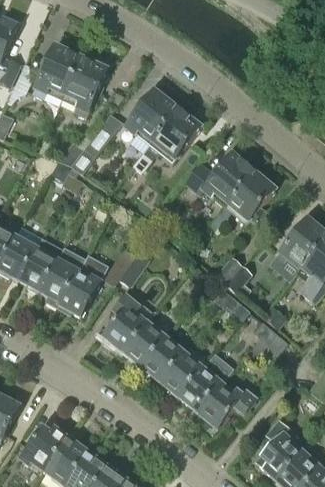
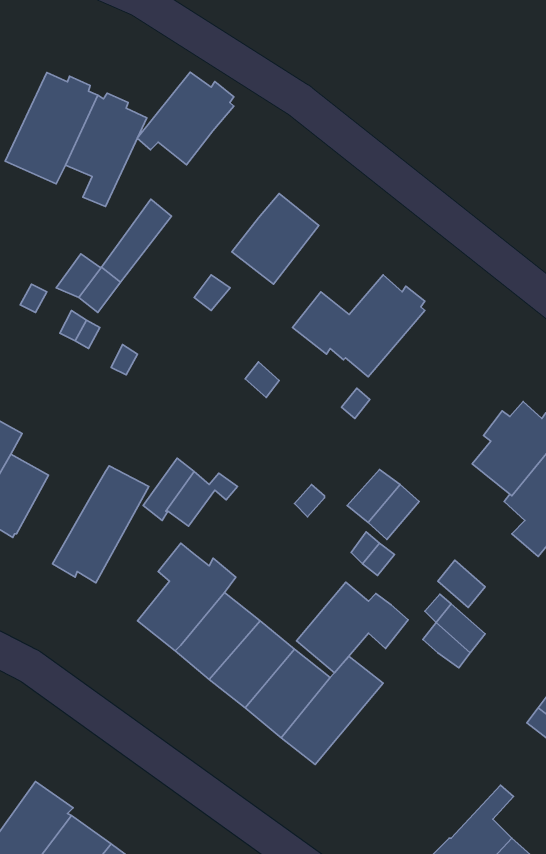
building: [126,92,177,141] -> [137,72,234,165]
building: [224,172,274,225] -> none
building: [38,246,85,306] -> none
building: [196,381,255,429] -> [297,582,408,673]

